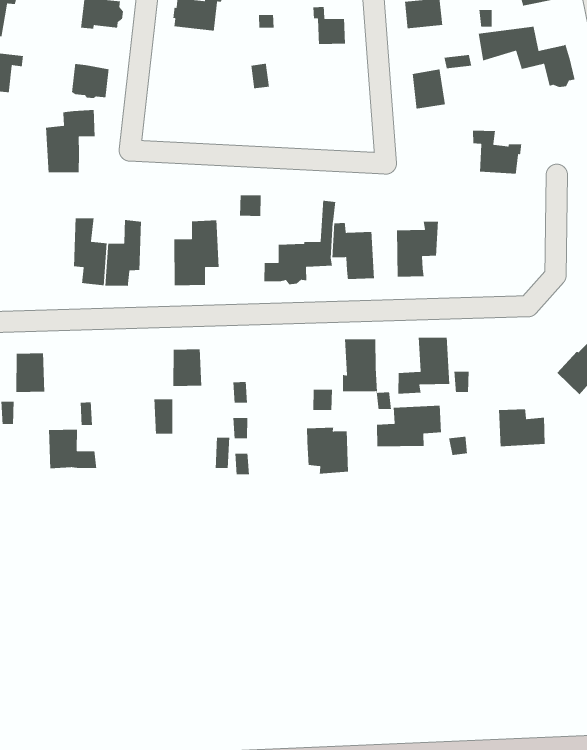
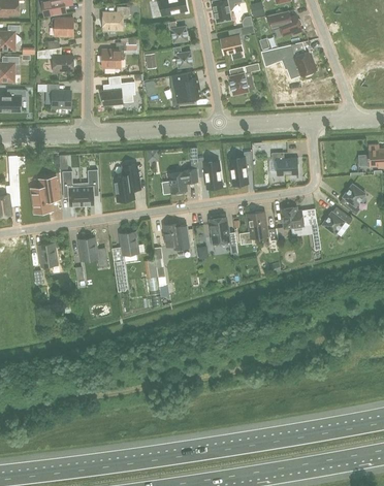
building: none -> [170,70,200,101]
building: none -> [100,80,134,106]
building: [45,109,95,173] -> [30,175,57,212]
building: [472,130,522,174] -> [270,151,297,173]
building: [376,405,442,447] -> none
building: [498,409,546,447] -> [281,205,308,227]
building: [306,427,349,475] -> [163,223,188,249]
building: [48,429,97,469] -> [78,236,106,259]

